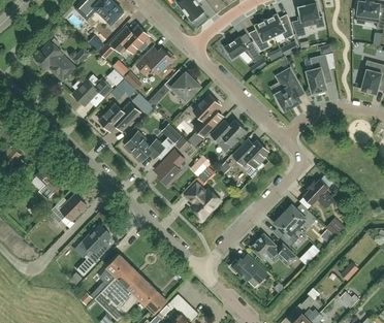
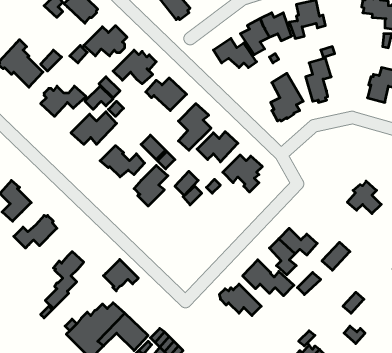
building: [302,179,332,207] -> [347,181,381,214]
building: [186,184,220,221] -> none
building: [104,255,135,283] -> [103,259,138,291]

